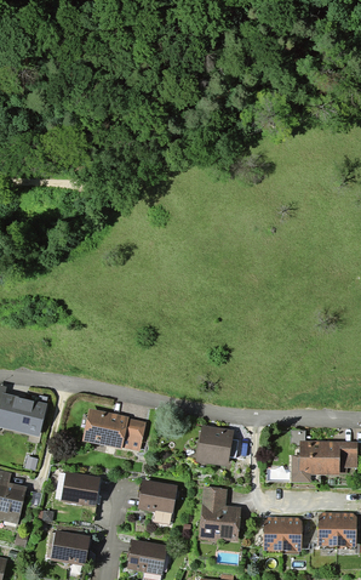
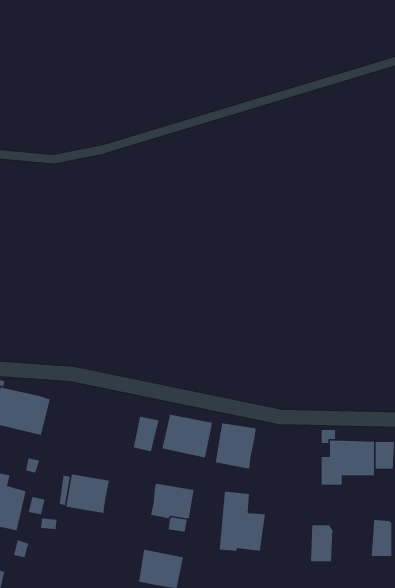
building: [81,409,127,449] -> [161,414,212,458]
building: [317,512,338,546] -> none
building: [263,517,282,551] -> none
building: [50,530,90,567] -> none

